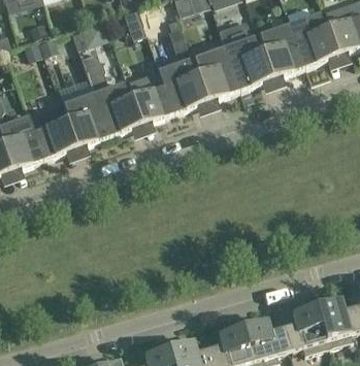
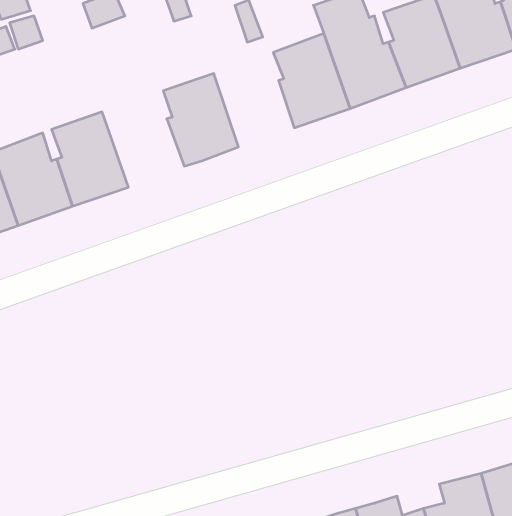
building: [80,53,141,136] -> none
building: [159,59,206,112] -> none

